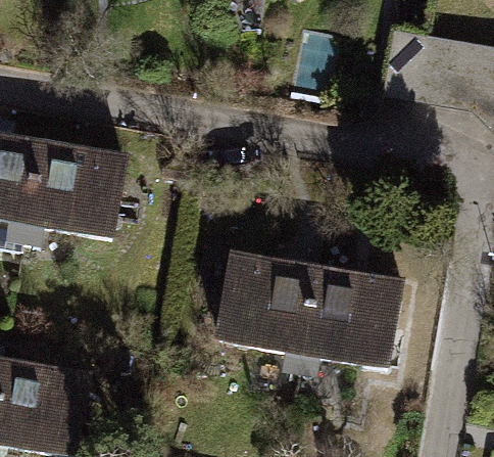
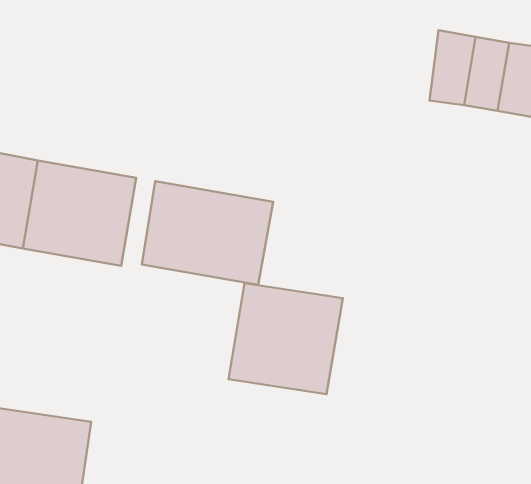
building: none -> [142,181,273,285]
building: [296,267,396,366] -> none

